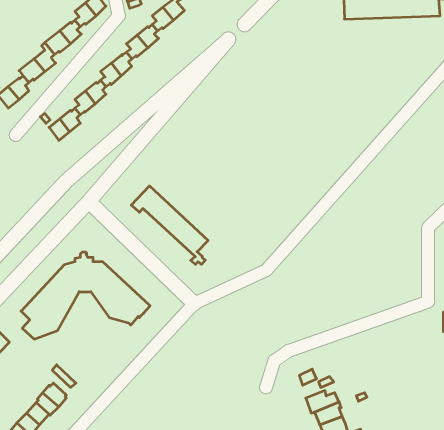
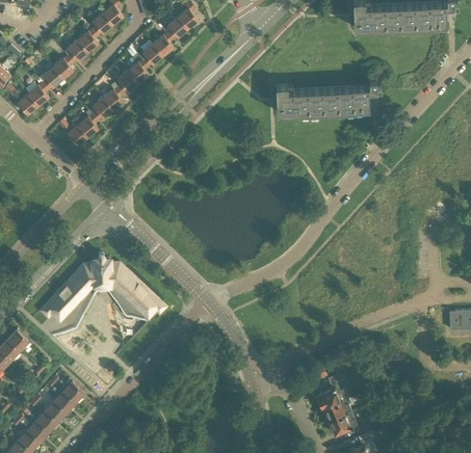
building: none -> [276,80,382,113]
building: [131,186,208,264] -> none

